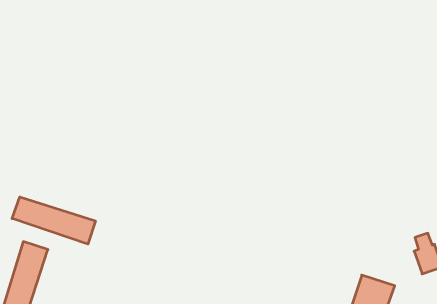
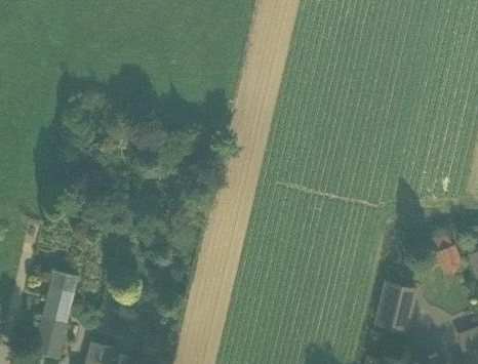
building: [12,197,95,244] -> none

